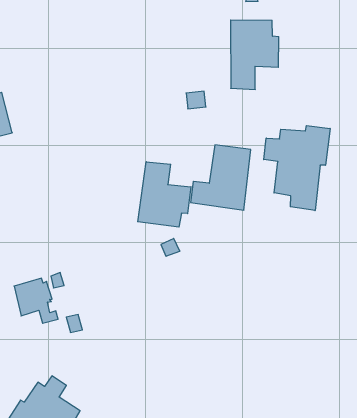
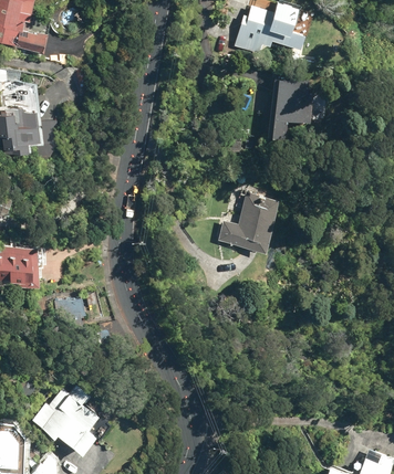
building: [264,126,330,211] -> none
building: [138,162,191,227] -> none

